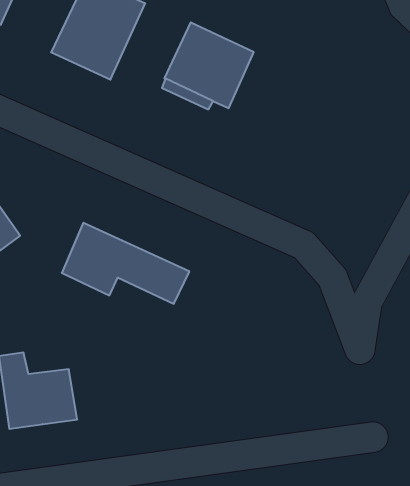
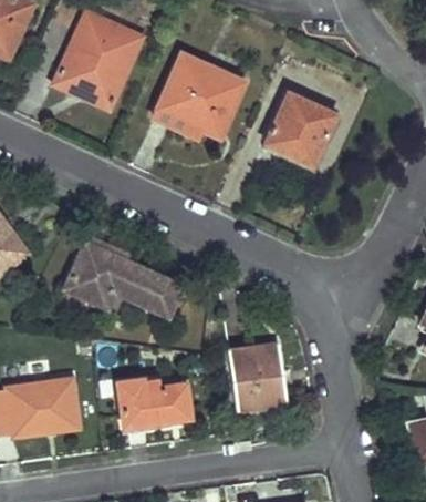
building: none -> [264,93,336,165]
building: none -> [229,345,285,410]
building: none -> [118,378,188,424]

